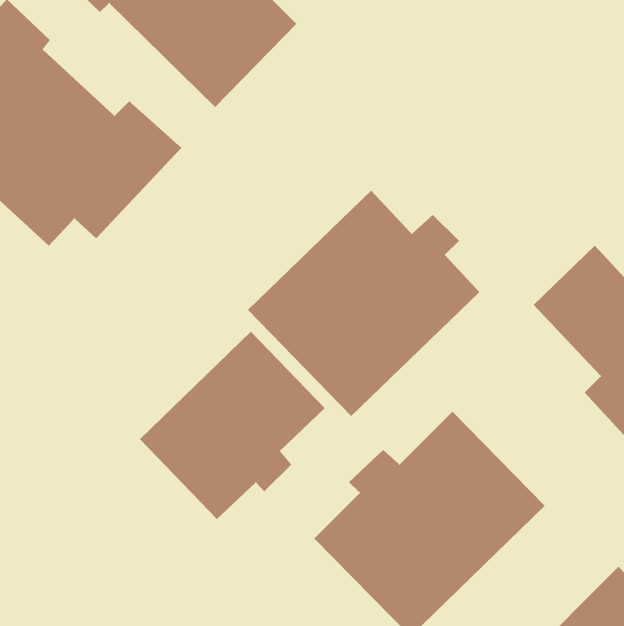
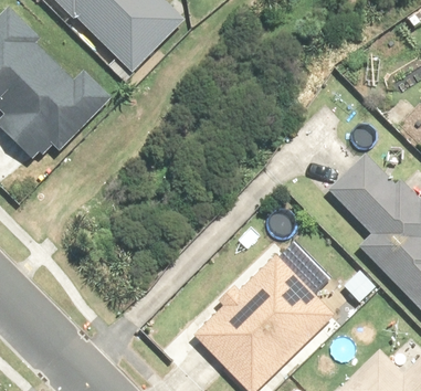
building: [247,190,480,417] -> none
building: [139,331,326,520] -> none

